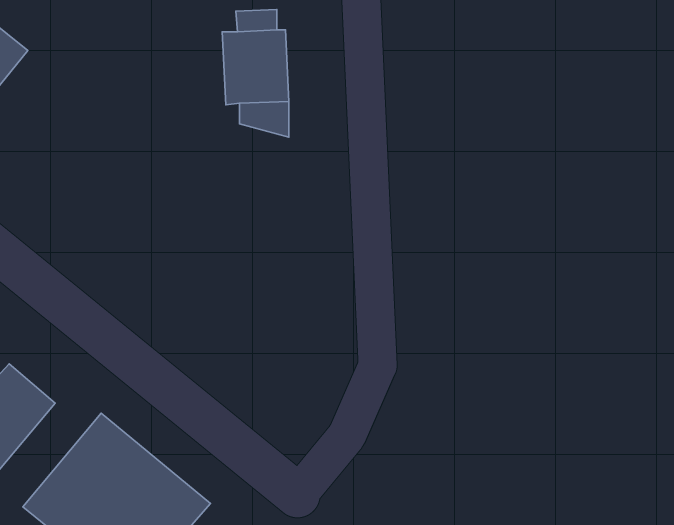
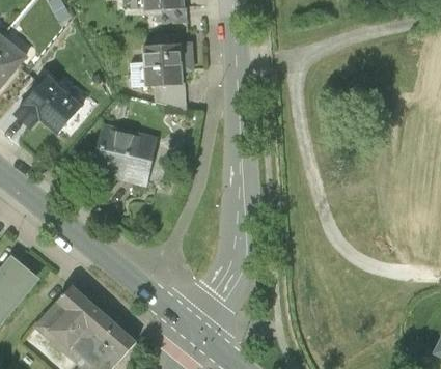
building: none -> [16,75,85,136]
building: none -> [93,124,157,186]

